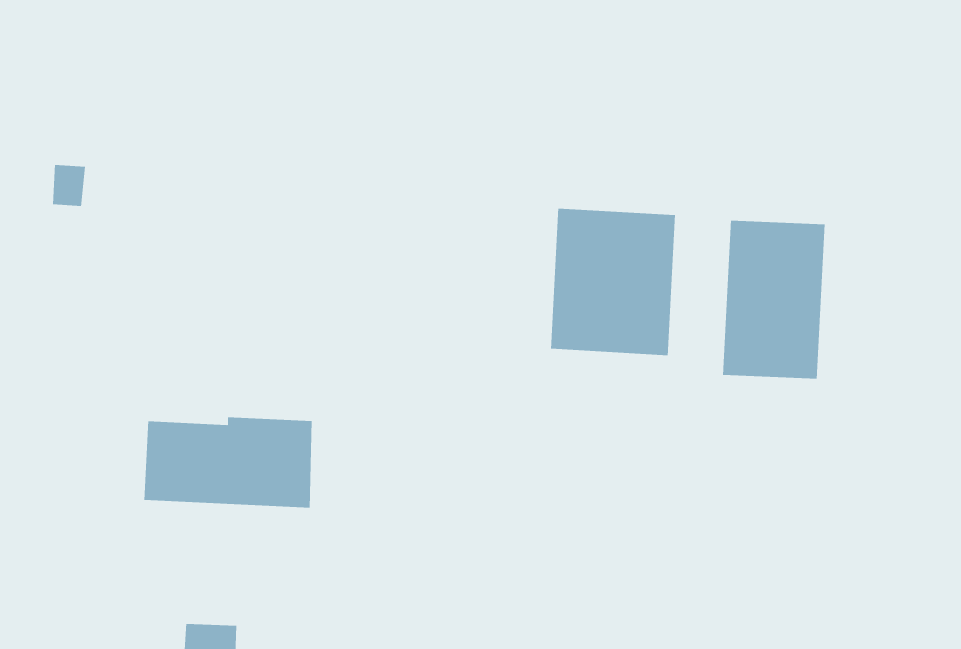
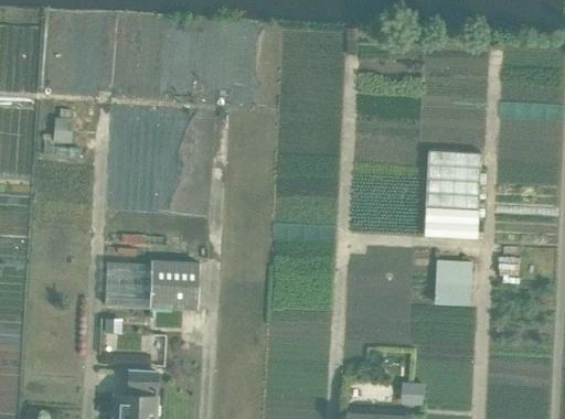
building: [550,208,676,356] -> none
building: none -> [435,260,471,303]

